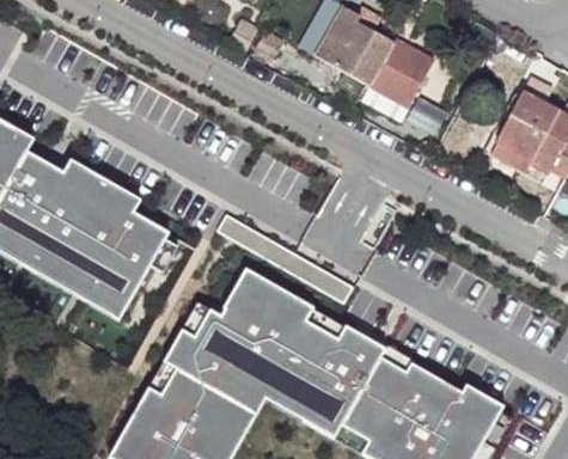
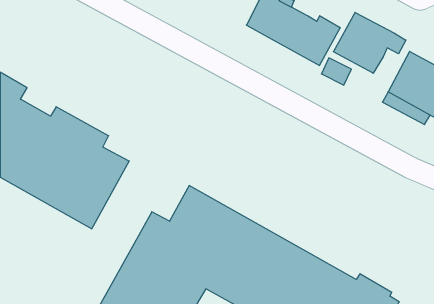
building: none -> [333,12,406,73]

